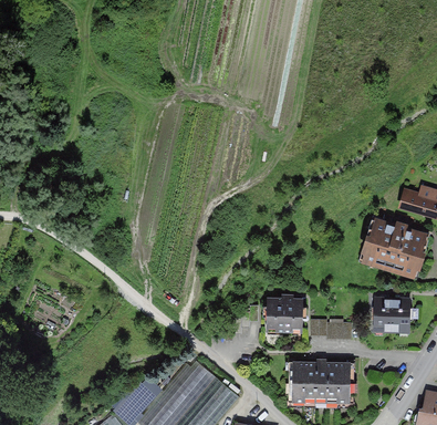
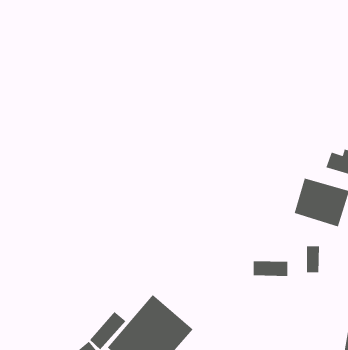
building: [266,300,303,331] -> none
building: [389,300,407,333] -> none
building: [293,365,348,404] -> none

